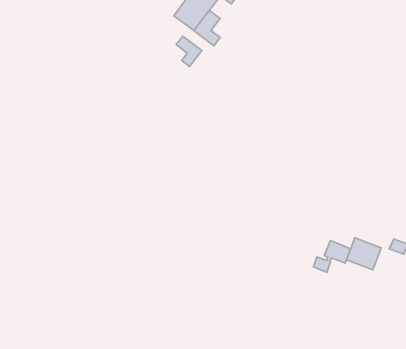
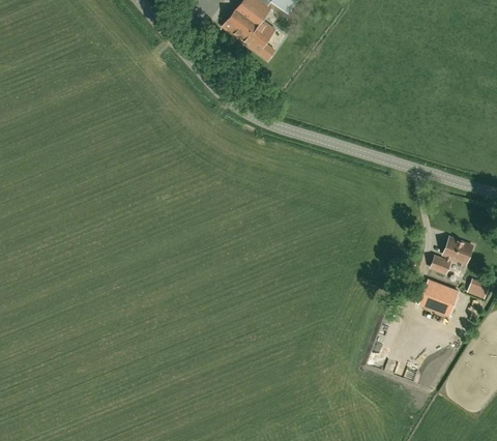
building: [176,36,202,66] -> none
building: [313,241,351,272] -> [430,237,472,273]

